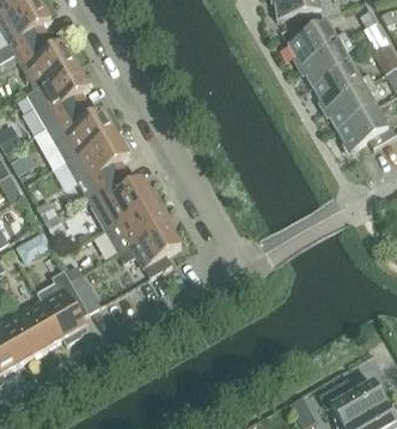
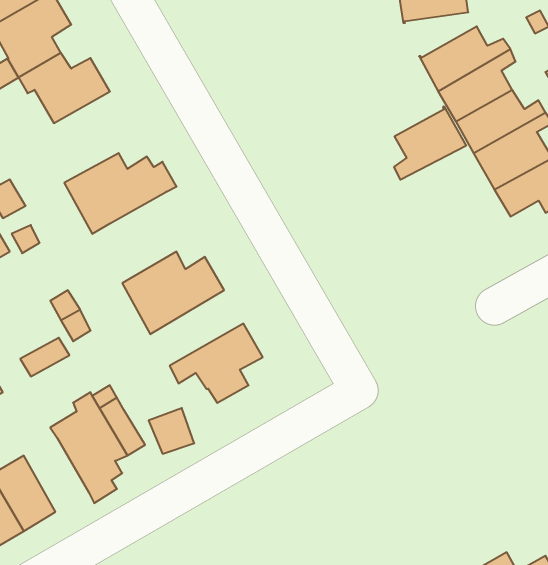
building: [26,65,91,127] -> none
building: none -> [394,106,466,180]
building: [66,133,129,195] -> none
building: [105,200,169,252] -> none
building: [19,301,63,351] -> none

